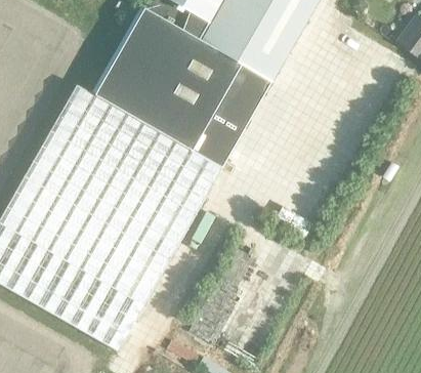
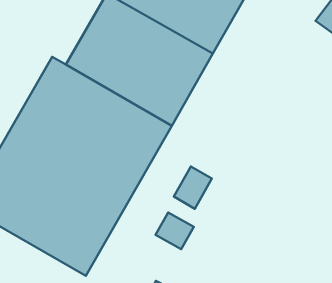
building: none -> [174,167,212,209]
building: none -> [155,212,194,249]

